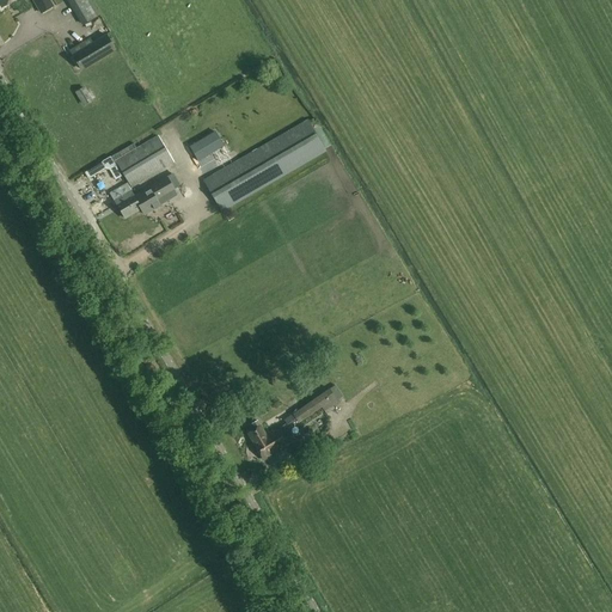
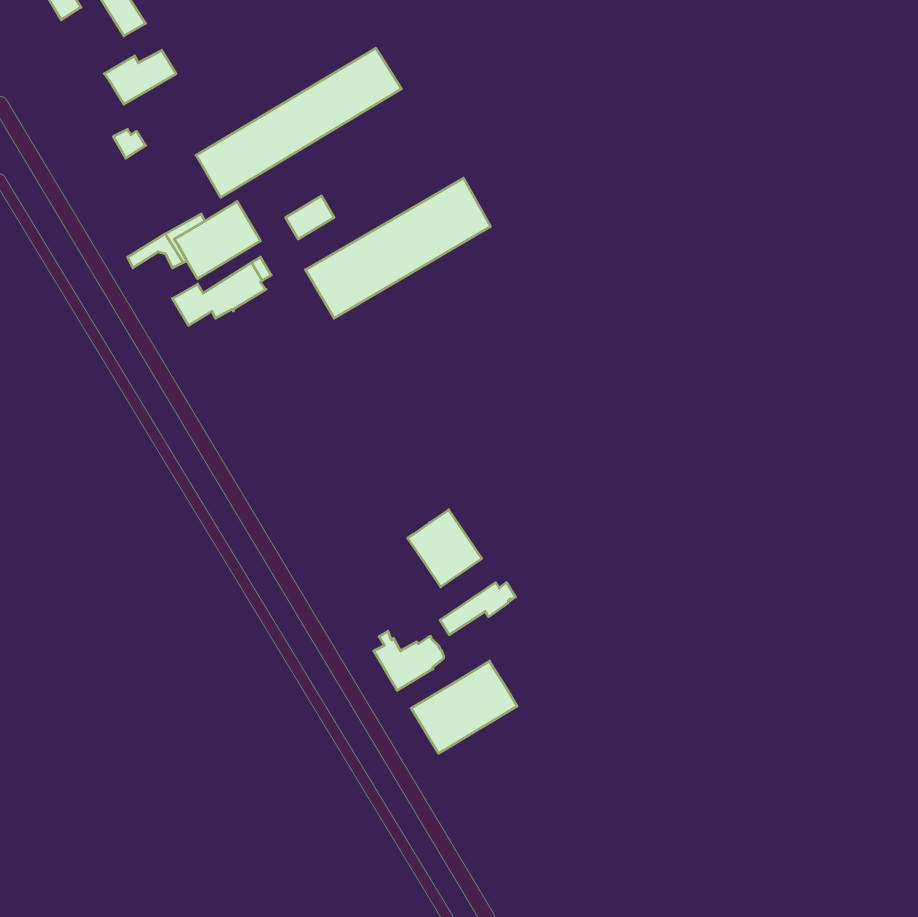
building: none -> [196,48,401,197]
building: none -> [408,510,482,587]
building: none -> [411,661,517,753]

